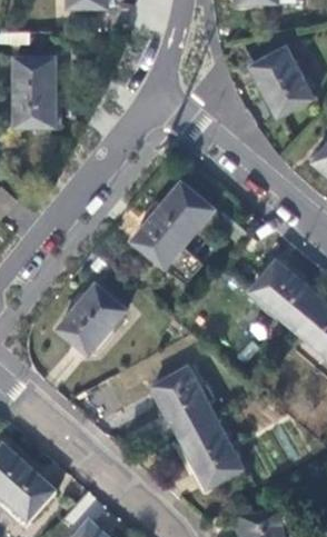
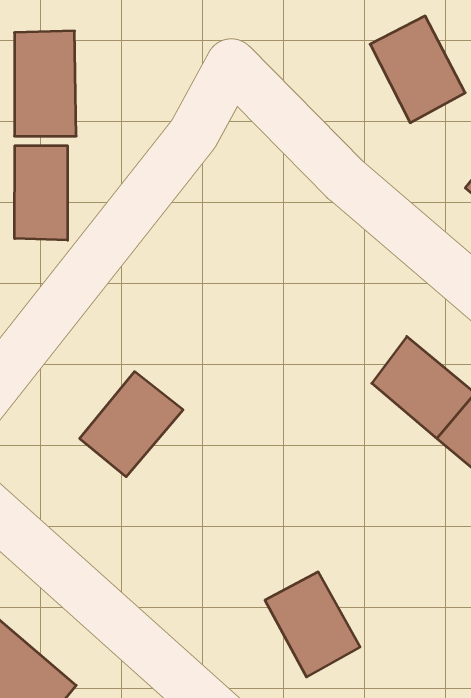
building: none -> [15,146,68,240]
building: [131,181,212,267] -> none
building: [152,367,215,436] -> none

